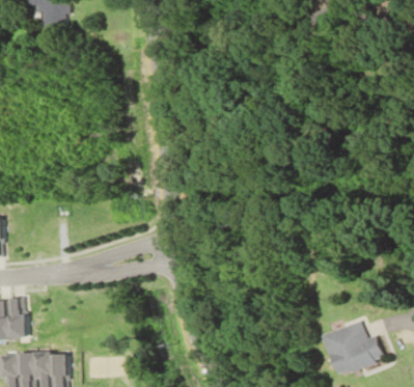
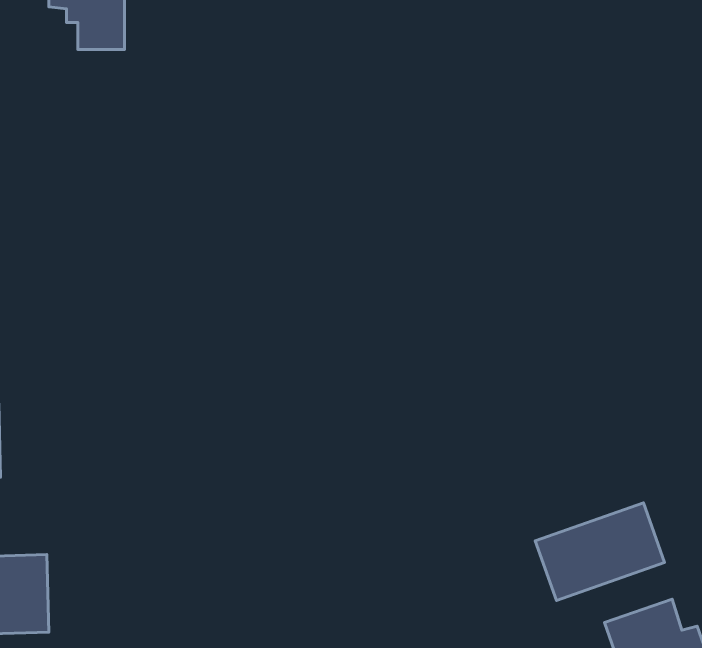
building: none -> [535,503,665,600]

